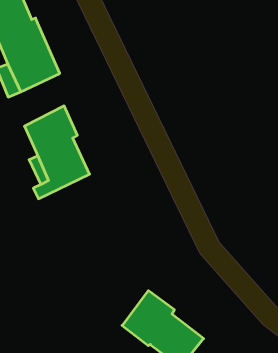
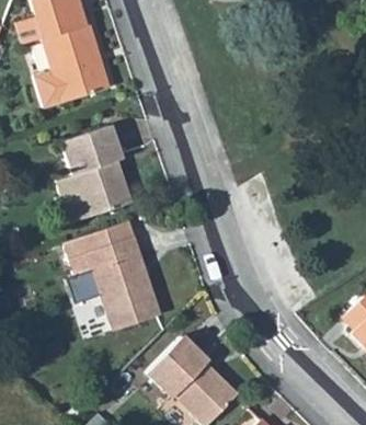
building: none -> [67,221,160,330]

